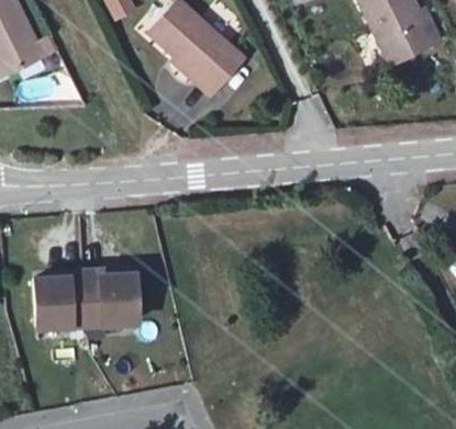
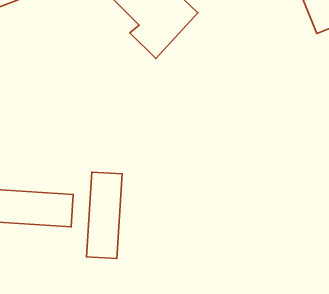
building: none -> [86,172,122,258]

